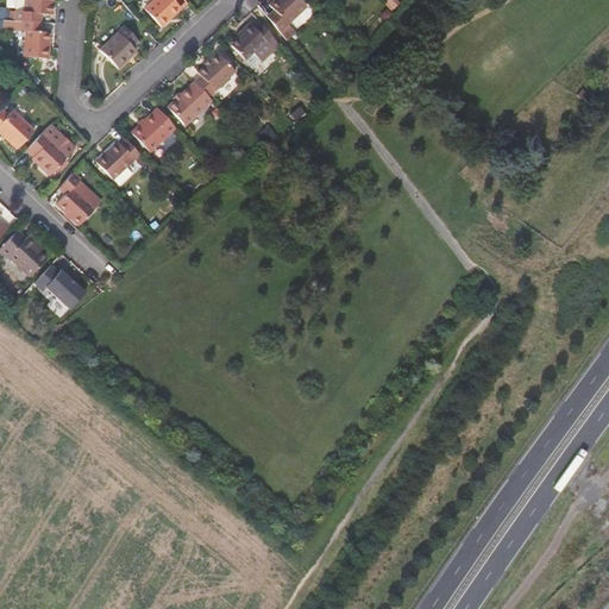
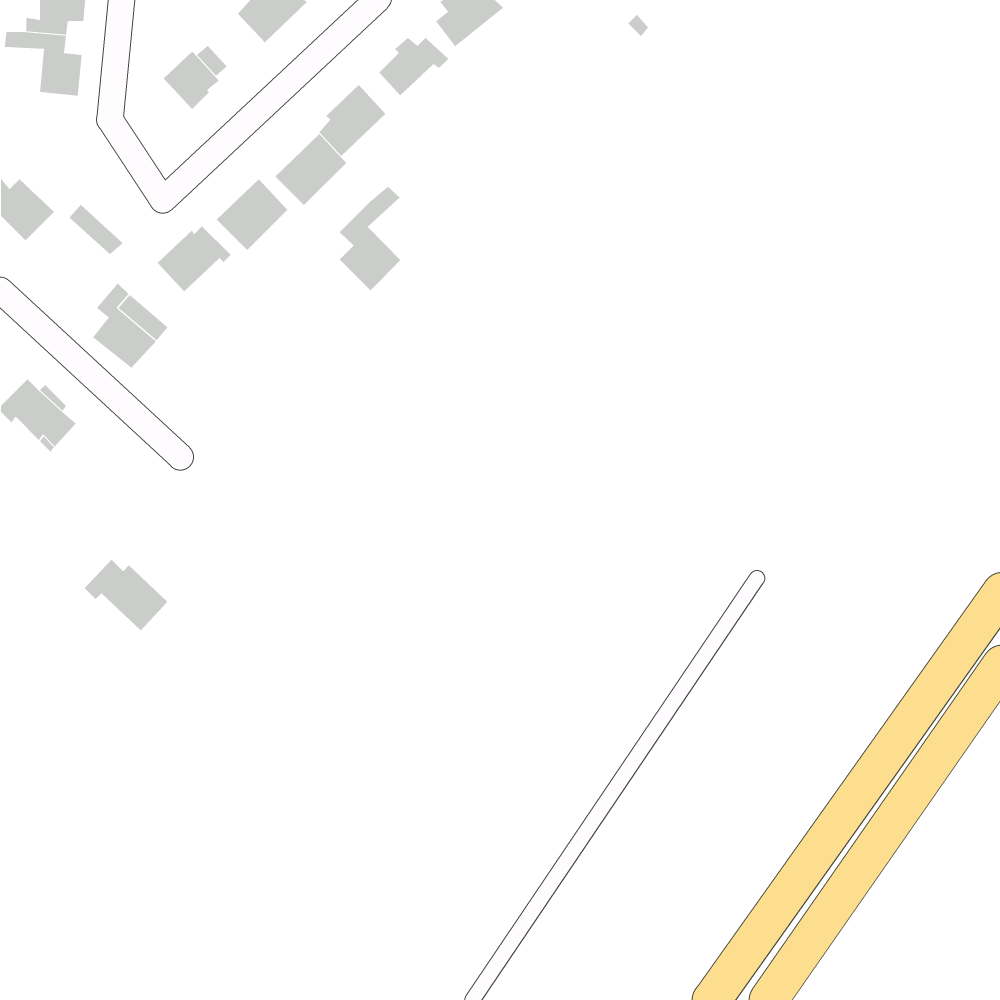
building: none -> [339,186,401,291]
building: [27,132,68,175] -> none
building: [36,264,87,308] -> [84,559,168,631]

